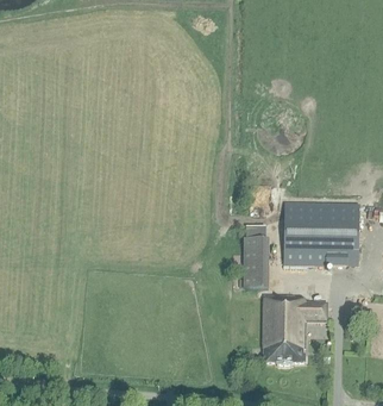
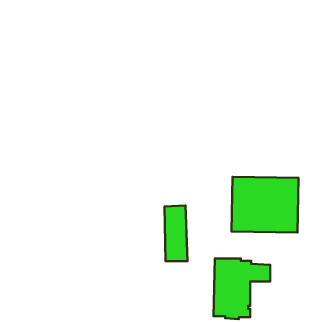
building: [246,223,272,286] -> [165,206,188,261]

